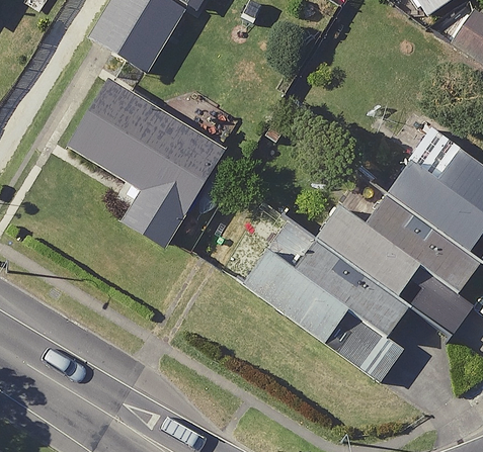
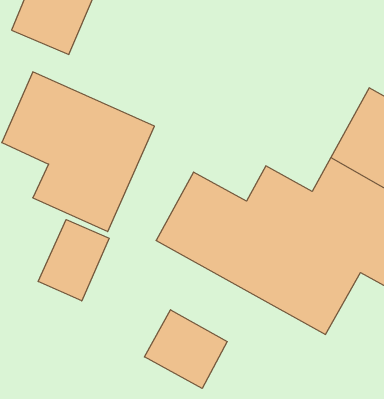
building: none -> [38,220,109,301]
building: none -> [144,310,227,388]

